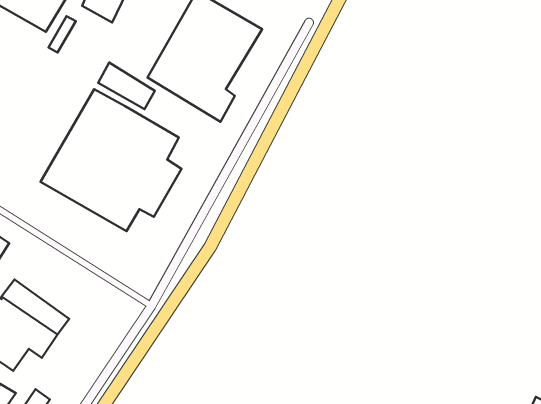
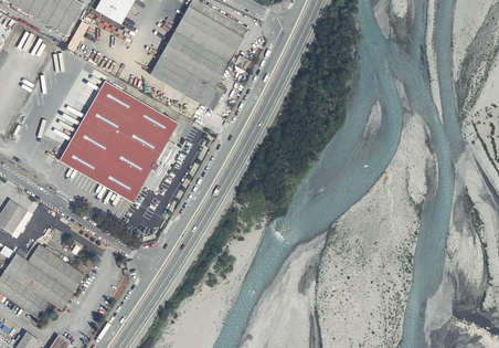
building: [98,62,155,109] -> none

